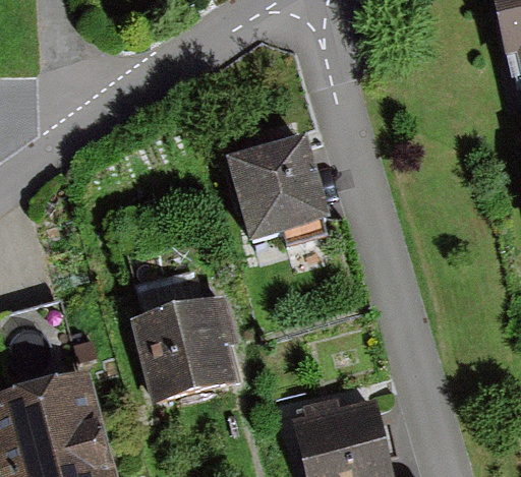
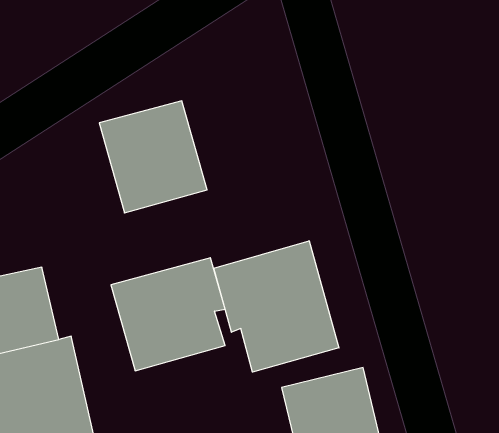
building: [226,133,331,242] -> [99,101,207,213]
building: none -> [214,241,339,372]

